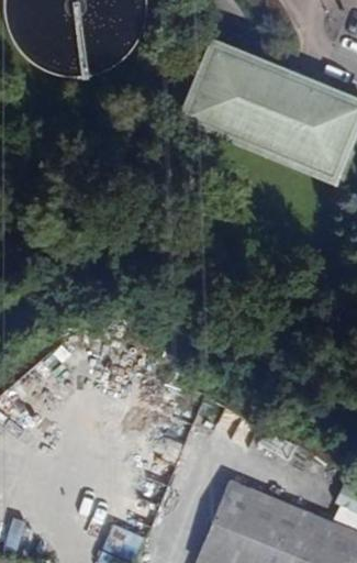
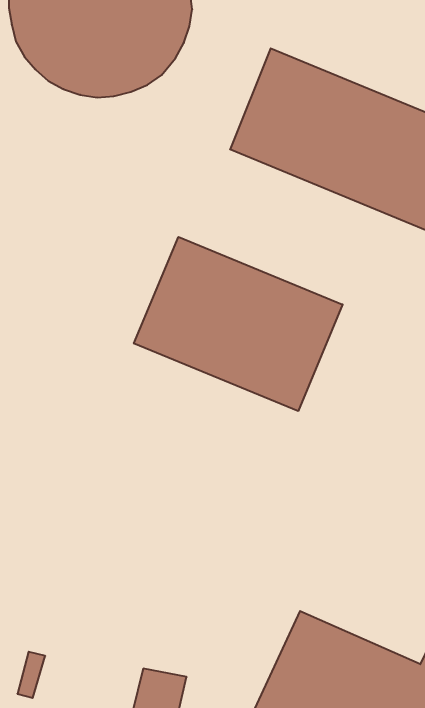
building: none -> [134,237,343,411]

